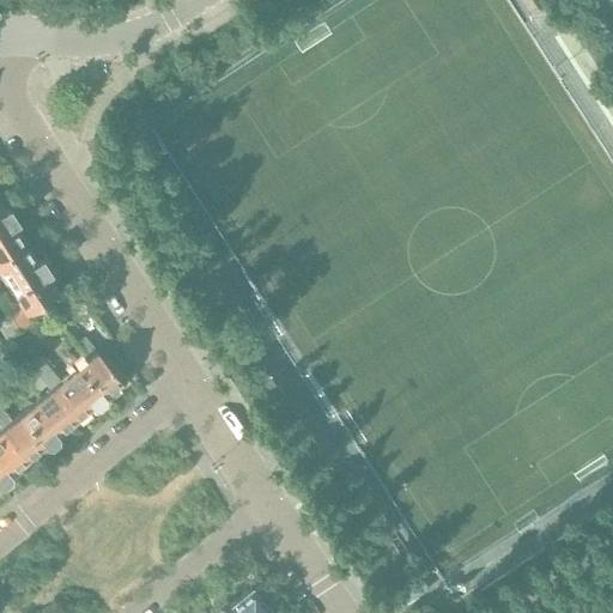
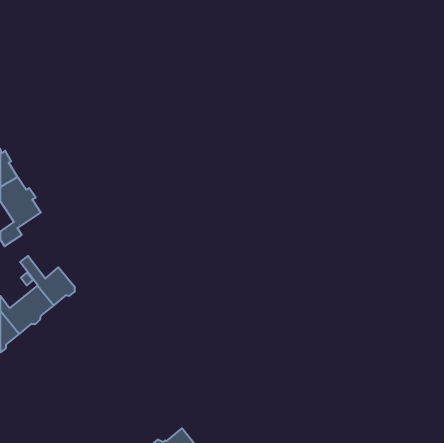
building: [77,339,121,397] -> none

